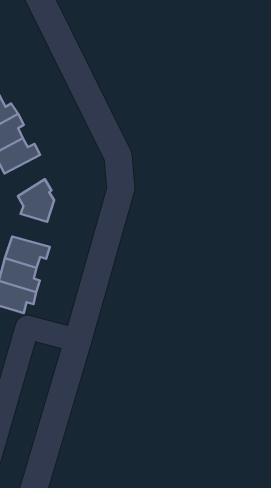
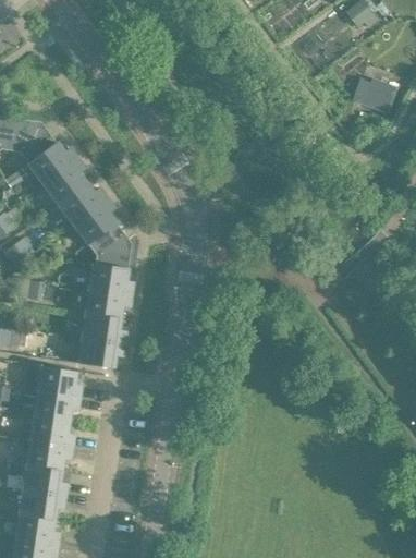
building: none -> [72,198,117,245]
building: none -> [89,264,133,294]

